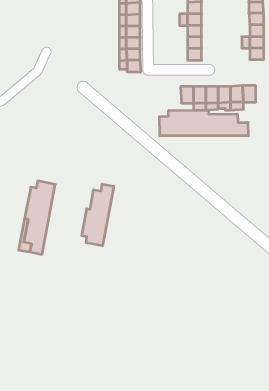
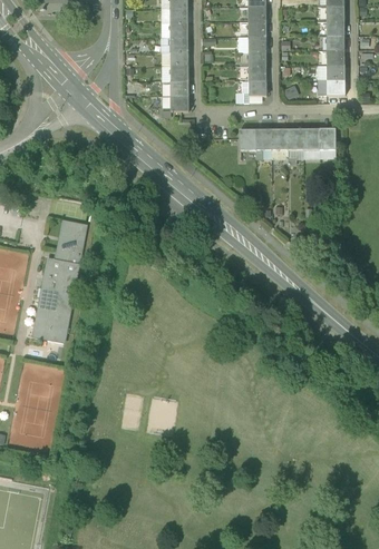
building: [159,110,248,136] -> none
building: none -> [57,219,85,254]
building: [82,184,114,246] -> none

